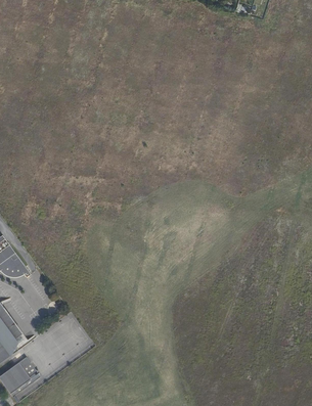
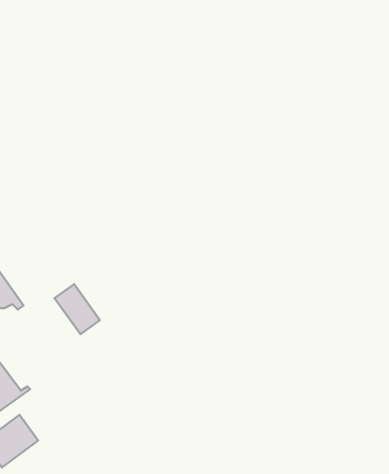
building: none -> [55,284,100,334]

